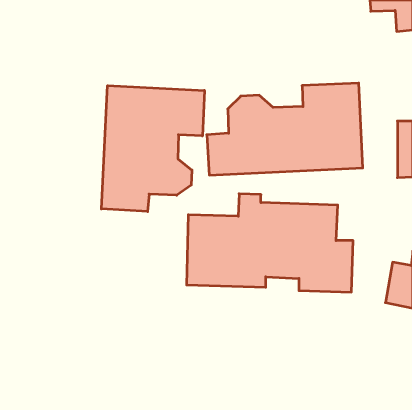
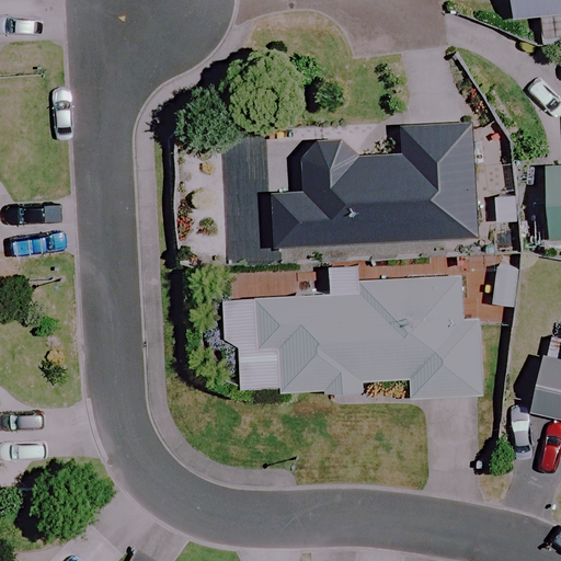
building: [101,86,204,212] -> none

